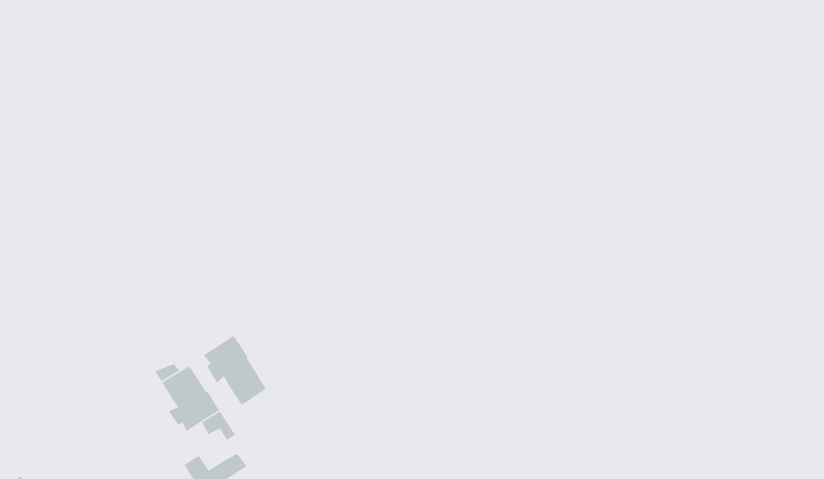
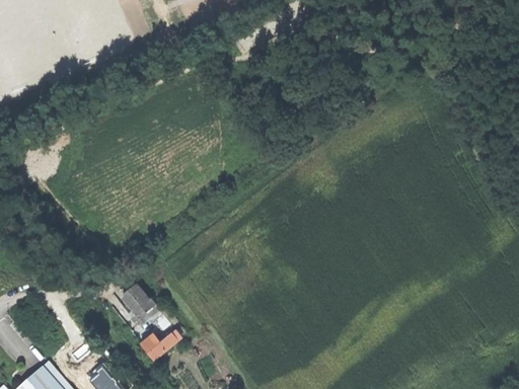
building: [202,335,267,406] -> none

